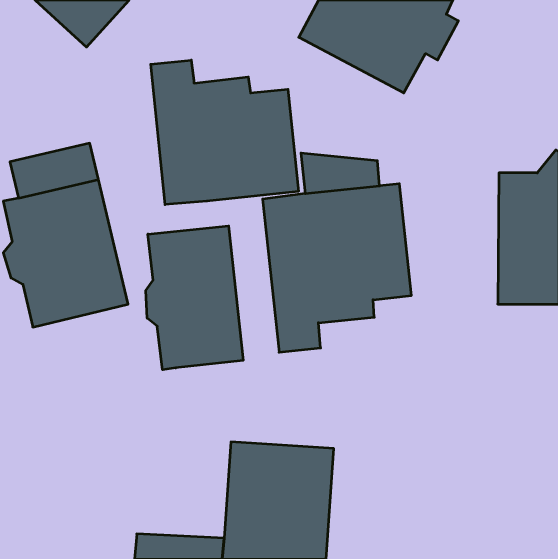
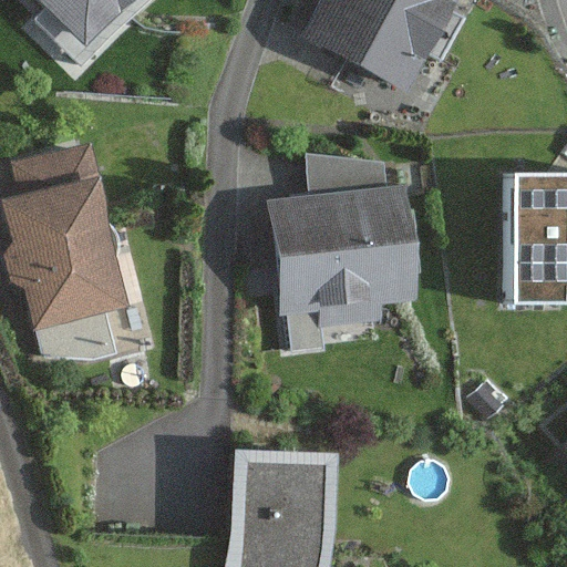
building: [151,60,298,205] -> none
building: [146,226,243,370] -> none

